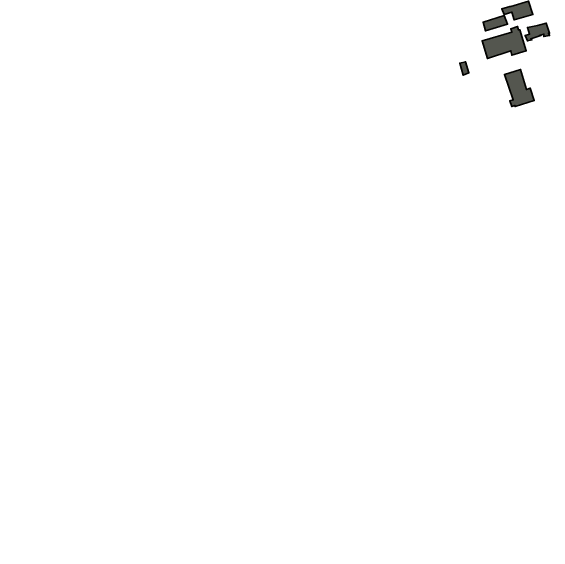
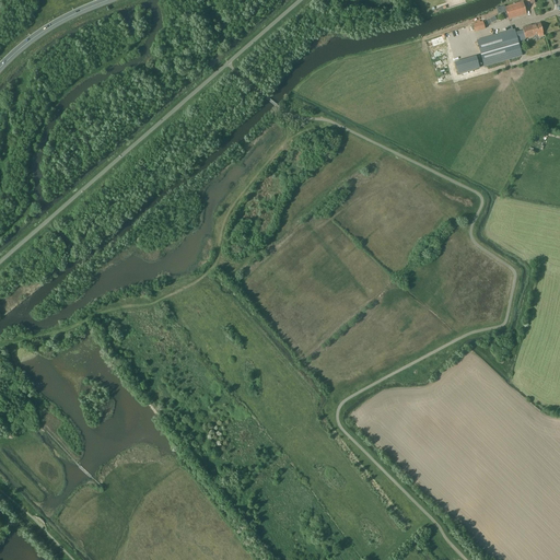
building: [505,70,534,107] -> none

